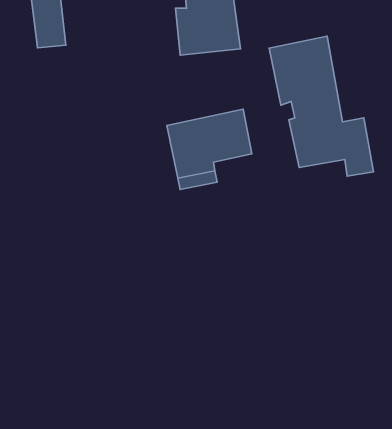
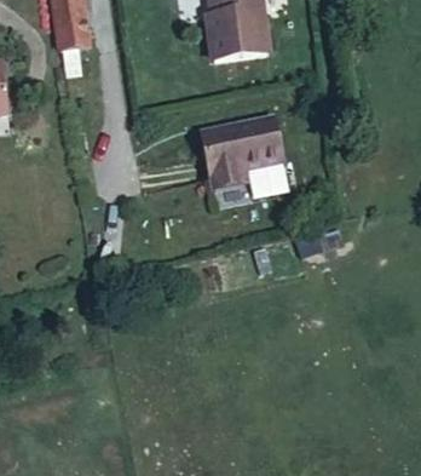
building: [269,36,374,176] -> none

